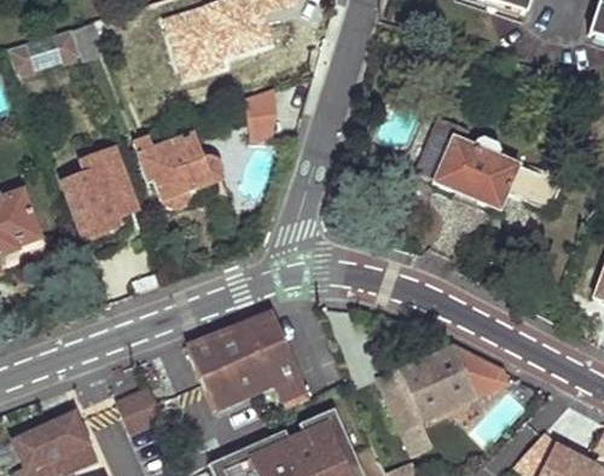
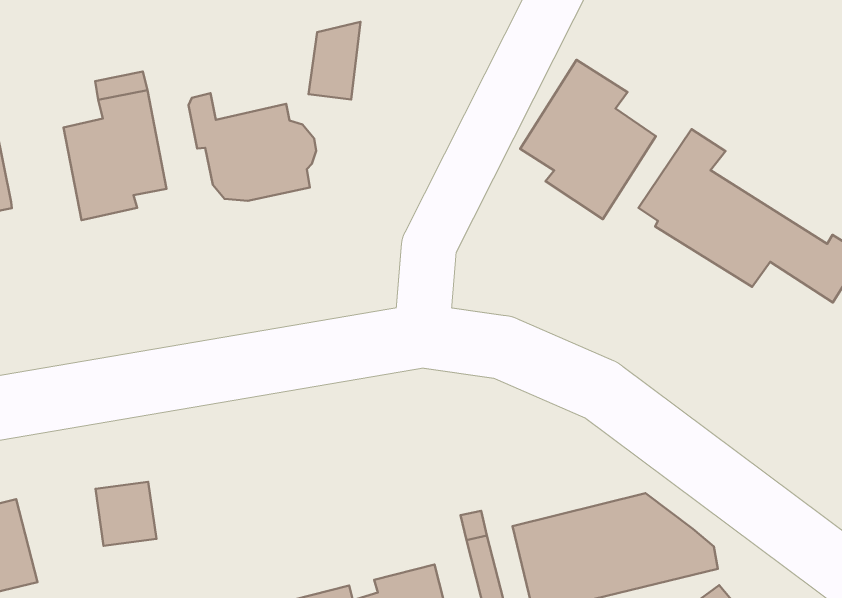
building: none -> [520,60,656,219]
building: [249,88,277,138] -> [308,22,361,100]
building: [186,312,309,408] -> none

